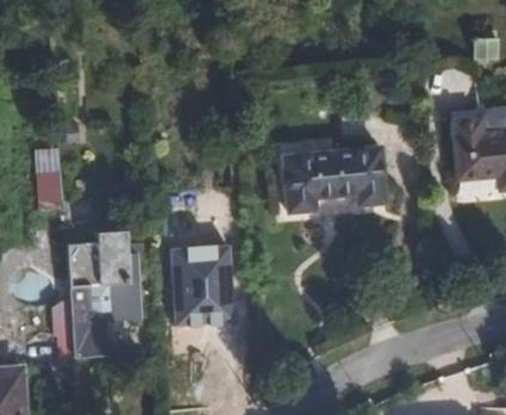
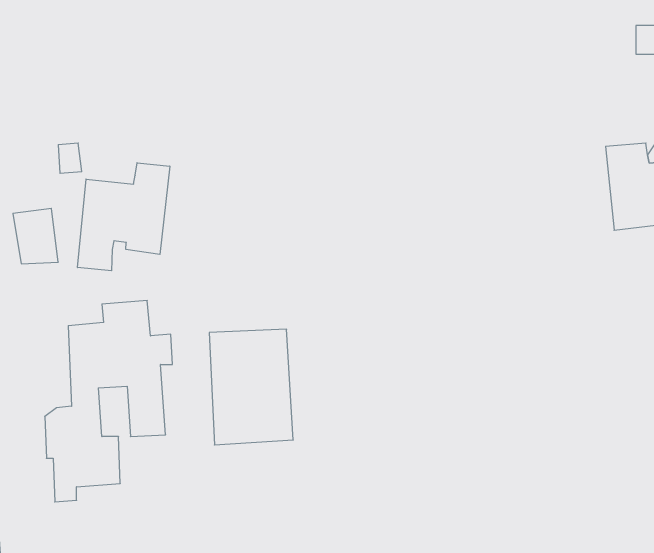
building: none -> [78,163,170,271]
building: [281,149,385,213] -> none

